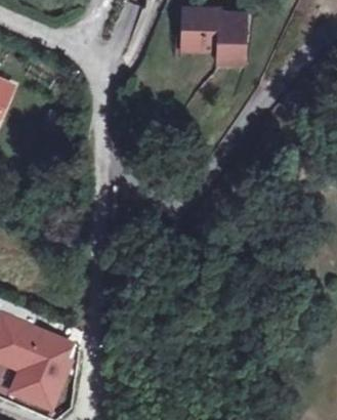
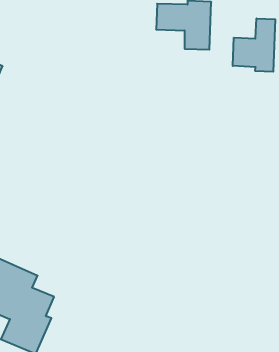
building: none -> [233,18,275,72]

